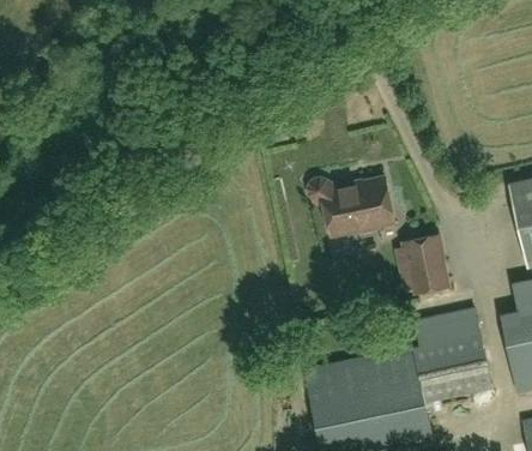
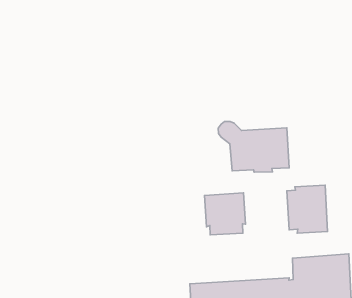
building: none -> [204,193,245,235]

